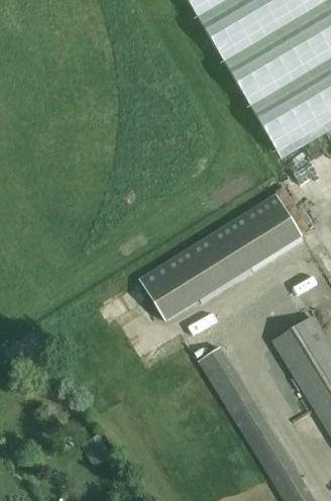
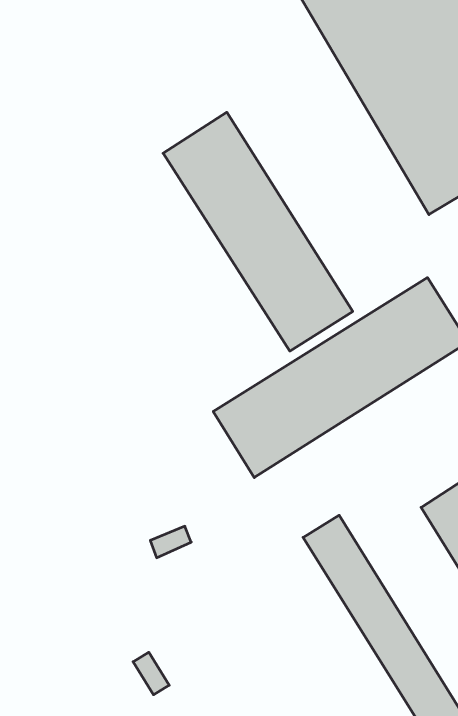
building: none -> [163,112,353,351]

